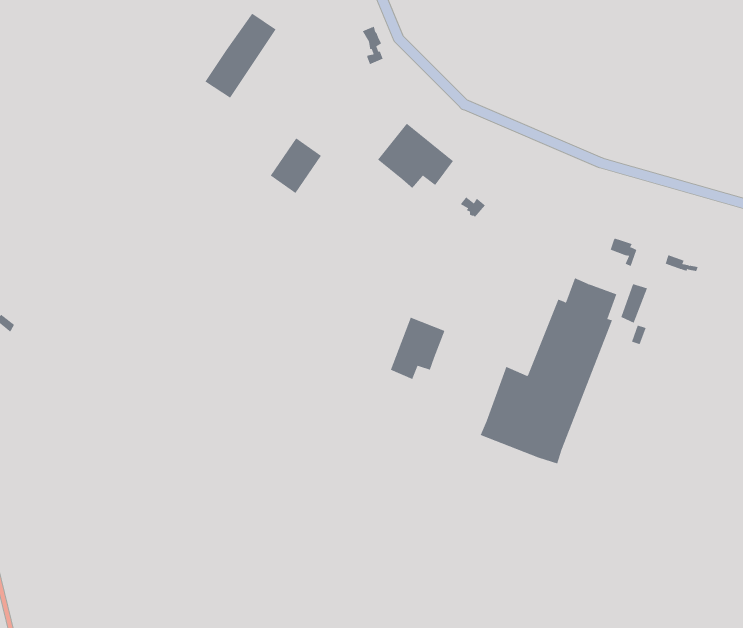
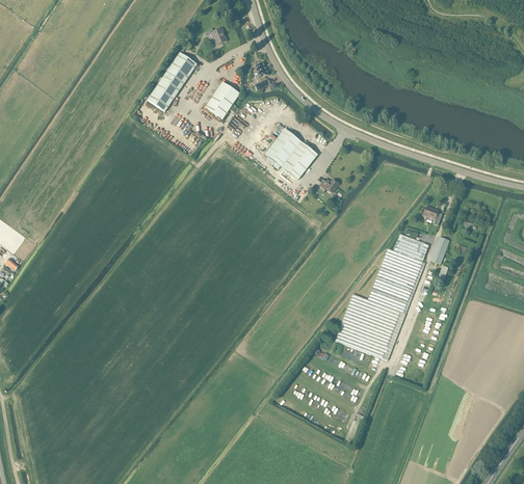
building: [270,137,322,194] -> [205,81,240,119]
building: [390,317,445,380] -> none

